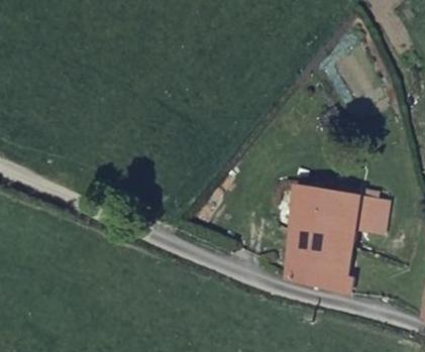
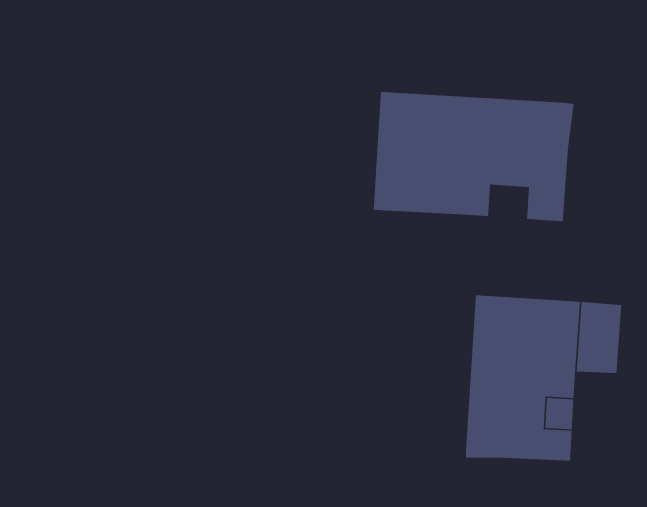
building: none -> [373,91,575,222]

